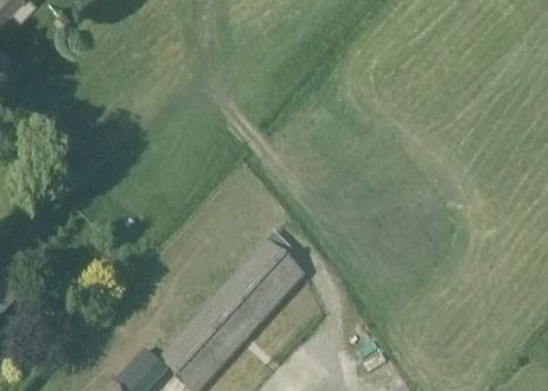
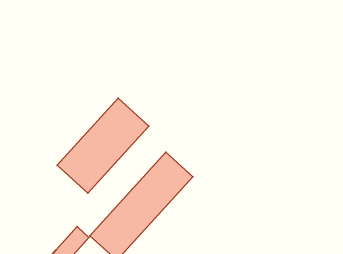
building: none -> [57,98,149,193]

